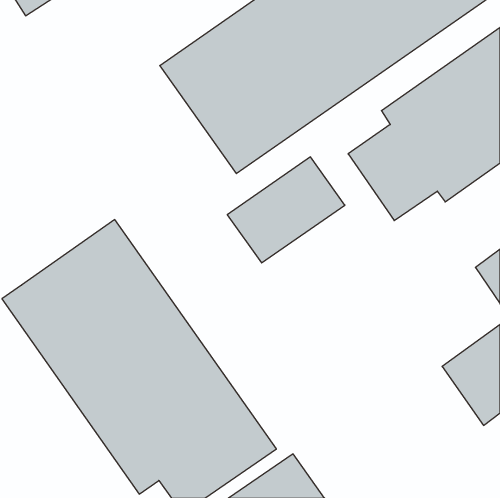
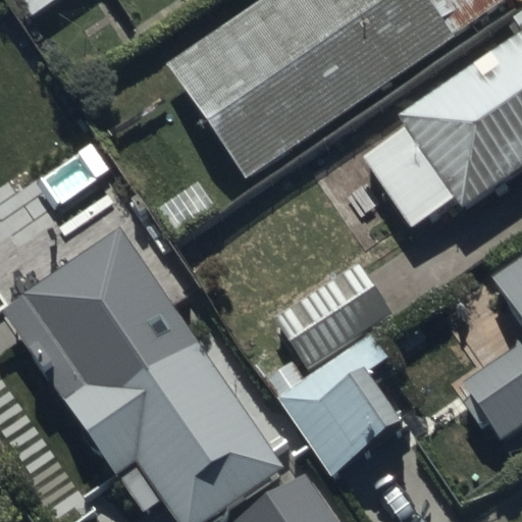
building: [227,157,345,263] -> [271,258,394,368]
building: none -> [282,351,413,483]

